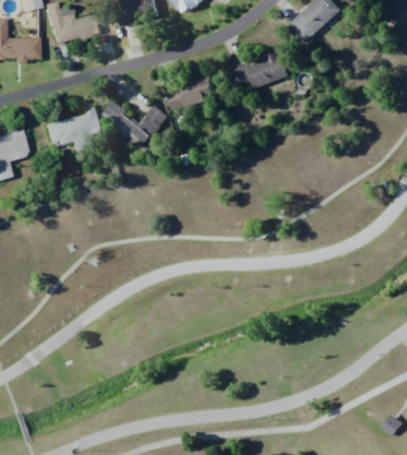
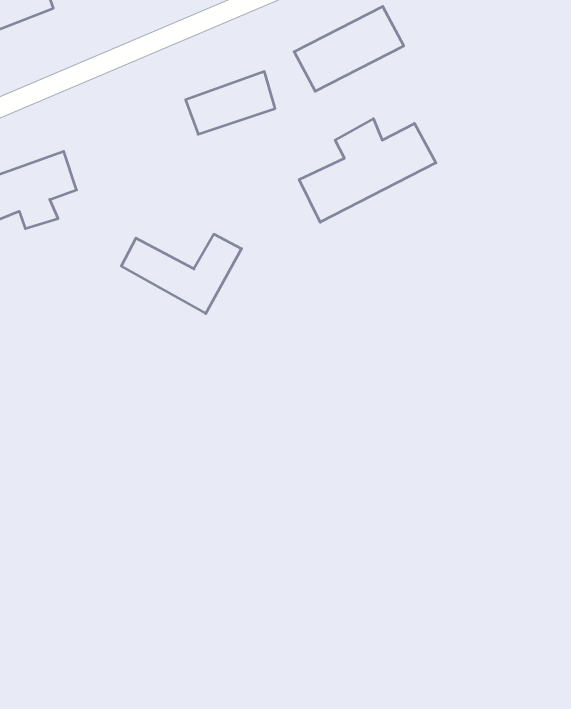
building: [104,101,170,147] -> [121,234,242,314]
building: none -> [299,119,436,222]

